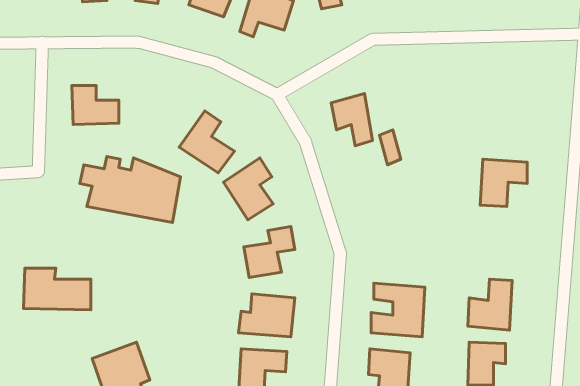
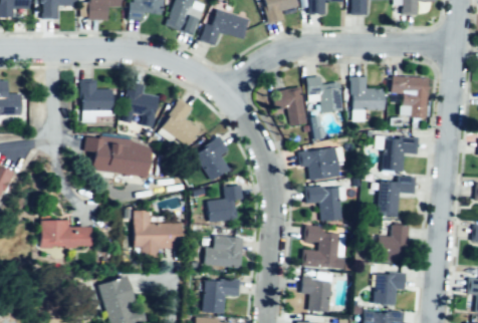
building: none -> [393,76,429,121]
building: none -> [309,77,341,115]
building: none -> [350,77,384,109]
building: none -> [122,84,164,127]
building: none -> [302,149,339,178]
building: none -> [379,177,415,214]
building: none -> [306,184,345,220]
building: none -> [135,211,181,254]

